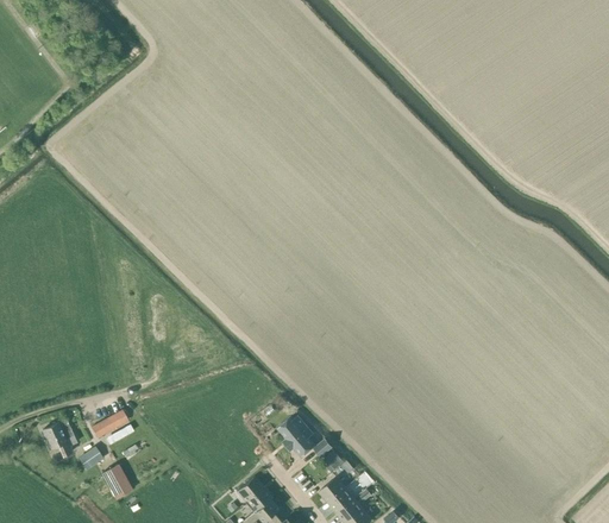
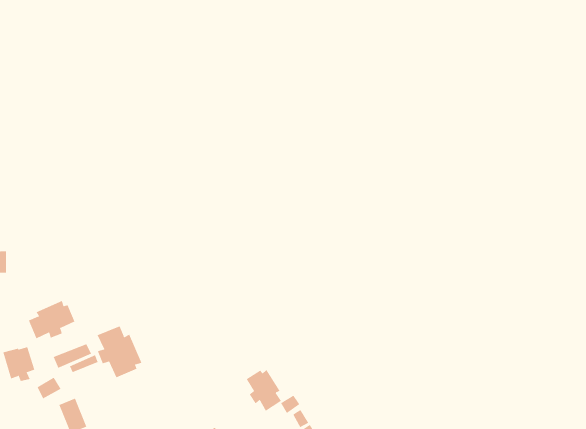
building: none -> [28,300,75,339]
building: none -> [97,325,142,378]

